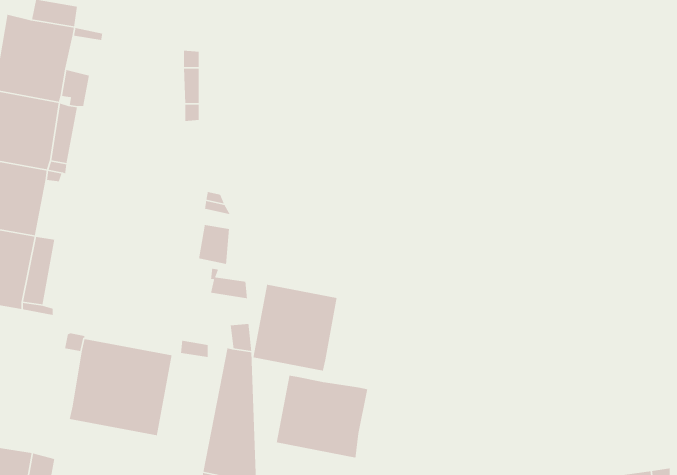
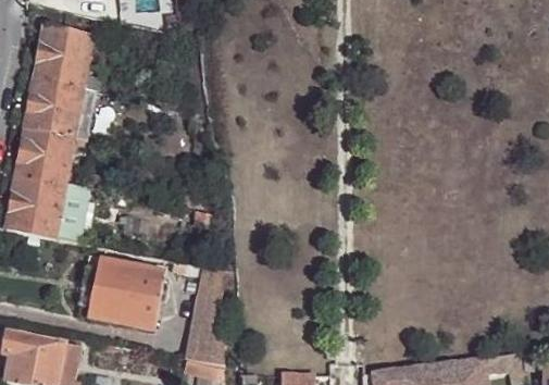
building: [252,284,338,371] -> none
building: [276,375,368,459] -> none

